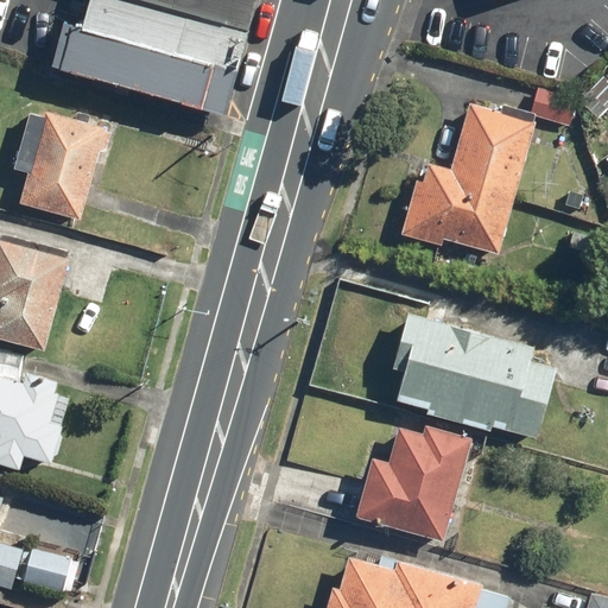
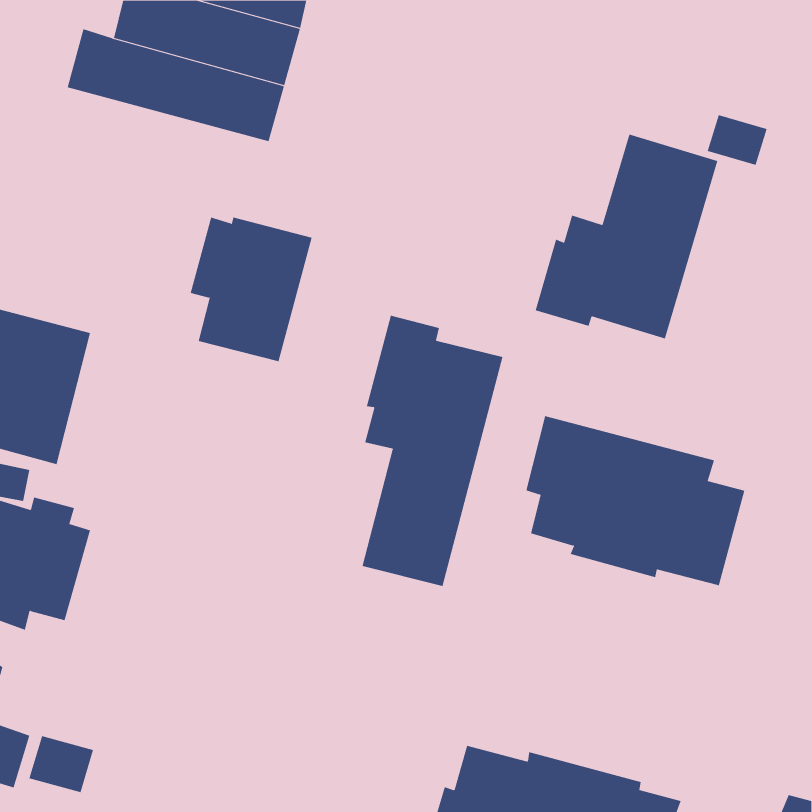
building: [13,110,104,218] -> [190,217,312,362]
building: none -> [362,315,503,587]
building: [354,426,470,540] -> none

